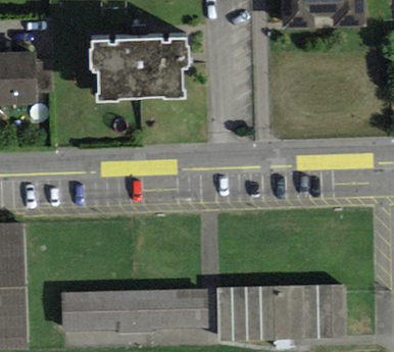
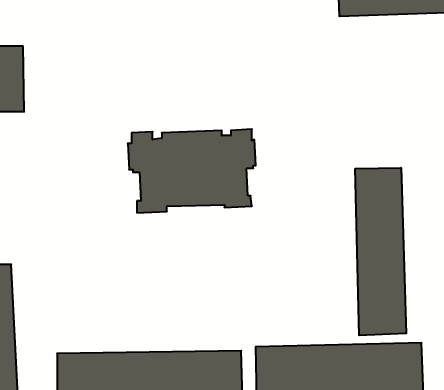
building: [88,38,188,103] -> [128,129,256,213]
building: none -> [355,168,406,335]

